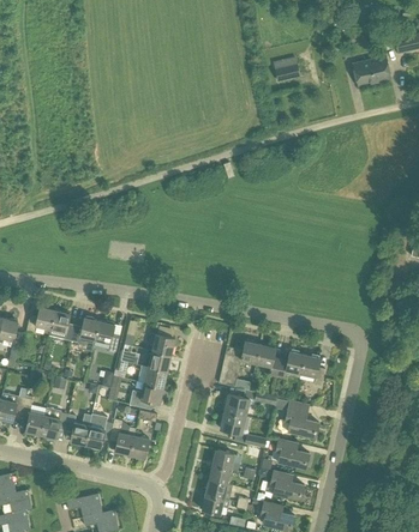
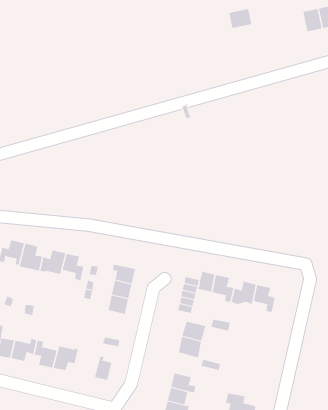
building: [128,382,163,409] -> none
building: [285,400,318,436] -> none
building: [109,419,136,454] -> none
building: [275,439,309,467] -> none

